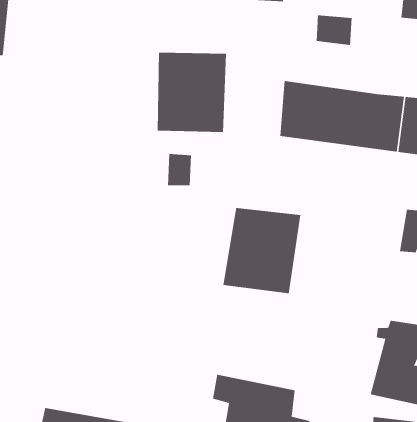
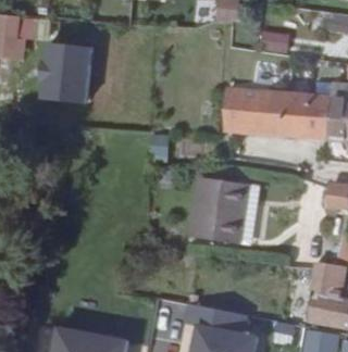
building: [157,52,227,132] -> [39,45,91,104]

